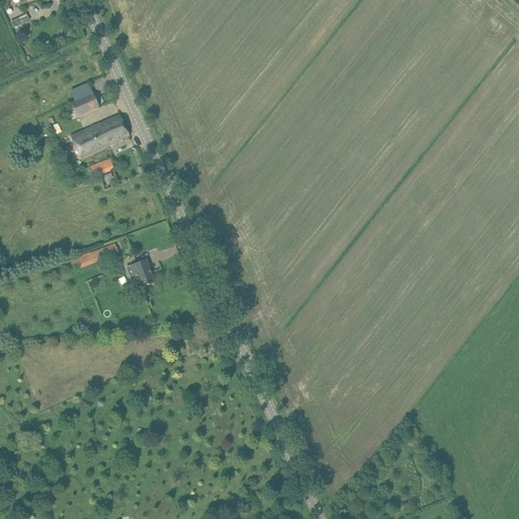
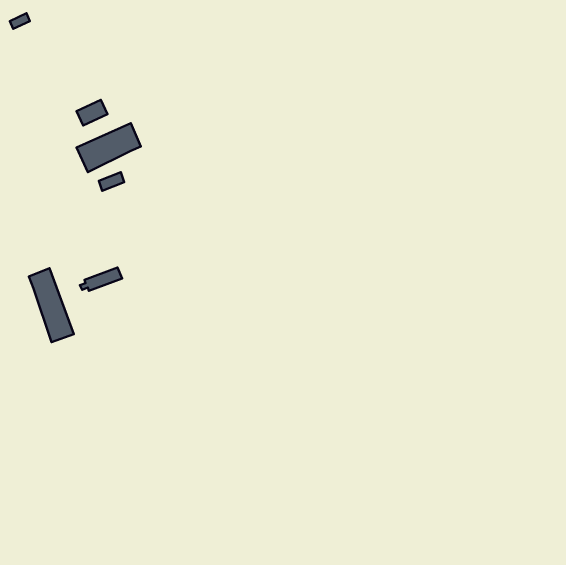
building: none -> [29,268,74,342]
building: [129,257,155,288] -> none

